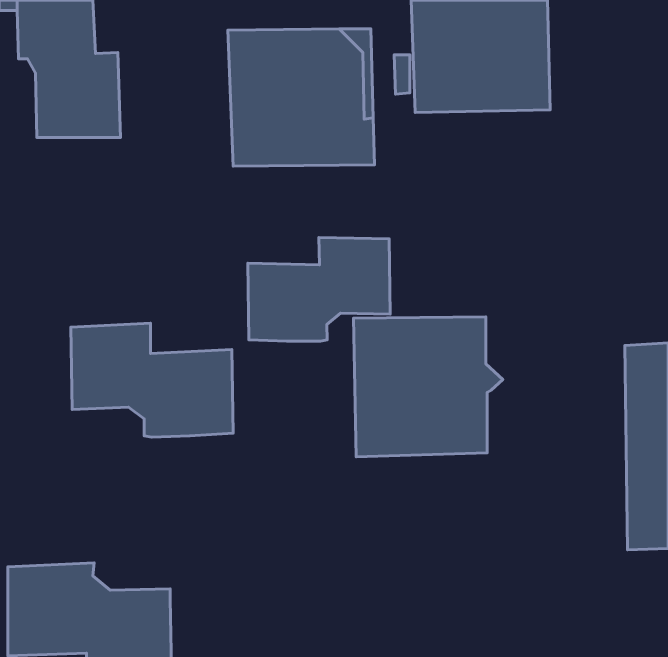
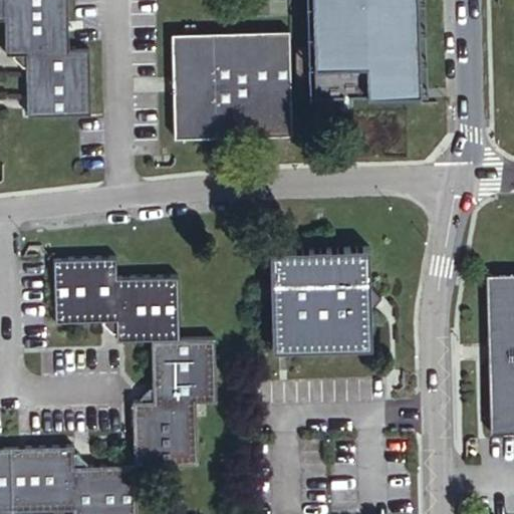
building: [248,237,390,341] -> none
building: none -> [128,339,214,469]

